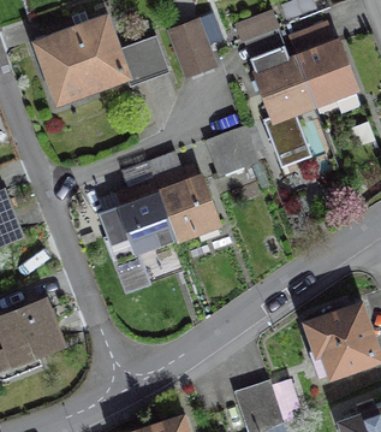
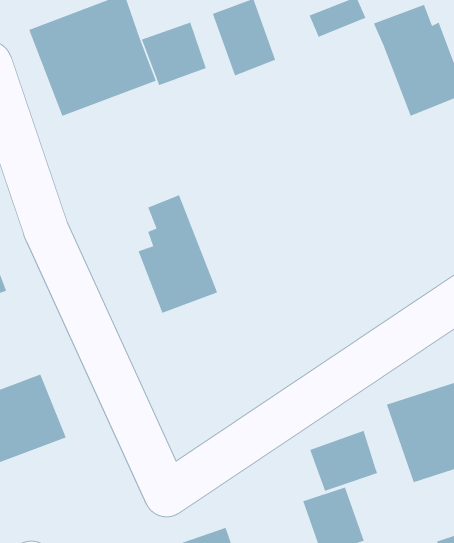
building: [251,47,319,165] -> none
building: [209,123,270,176] -> none
building: [147,150,222,243] -> none
building: none -> [309,430,378,492]

